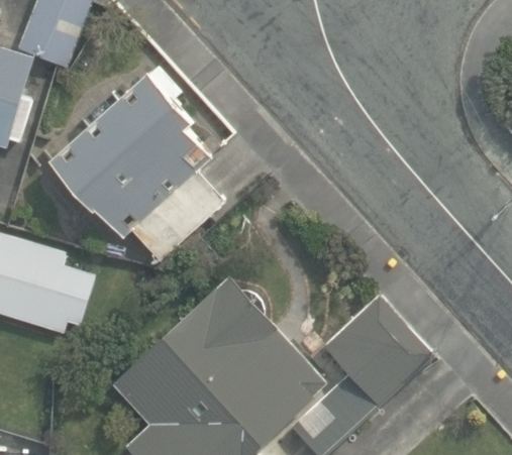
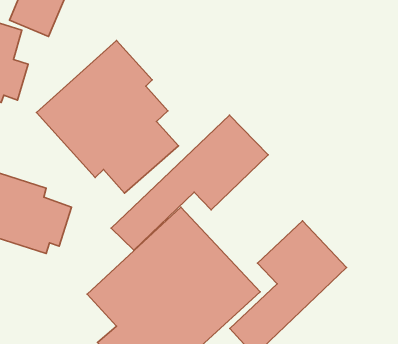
building: none -> [111,115,268,250]

